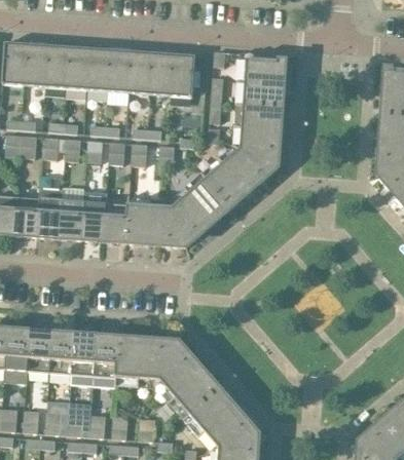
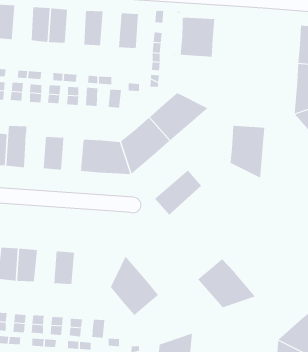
building: [44,44,68,86] -> none
building: [107,49,131,91] -> none
building: [149,51,173,94] -> none
building: [231,103,282,166] -> [223,125,265,179]
building: [59,193,83,238] -> none
building: [103,195,128,241] -> none
building: none -> [154,169,202,216]
building: [70,335,96,380] -> none
building: [114,338,178,387] -> none
building: [183,388,258,450] -> [193,258,256,310]

